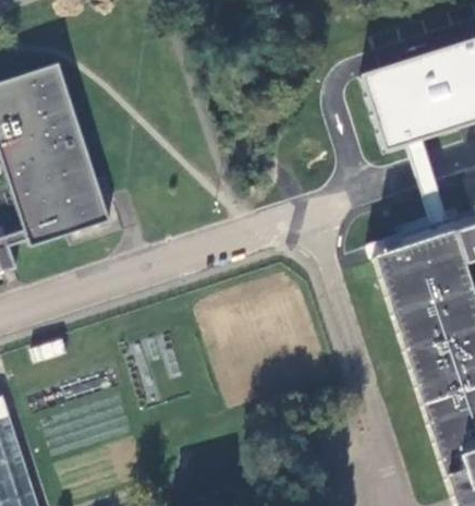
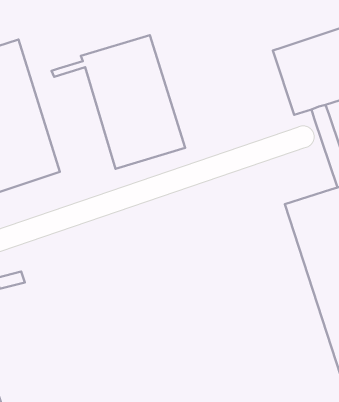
building: none -> [52,35,185,169]

